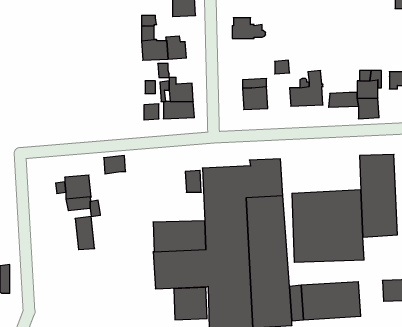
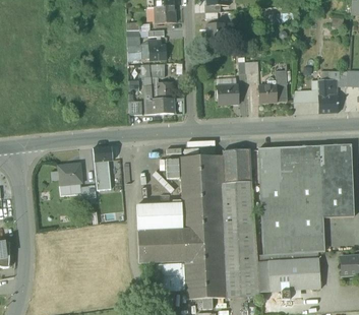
building: none -> [258,145,321,179]
building: [75,216,95,250] -> [95,160,112,189]
building: none -> [262,238,324,255]

